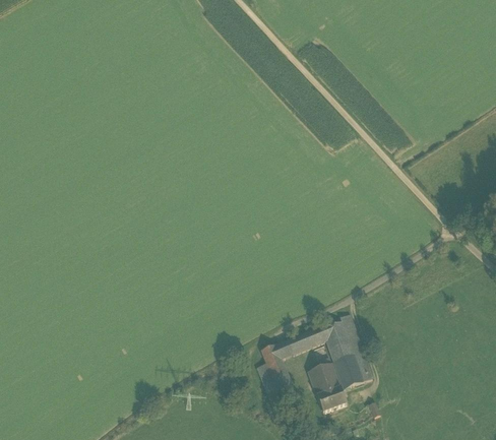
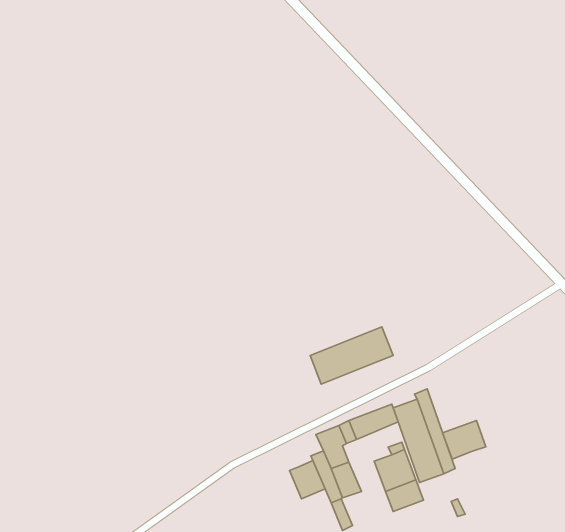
building: none -> [310,327,393,384]
building: none -> [443,421,486,459]
building: none -> [290,460,325,499]

